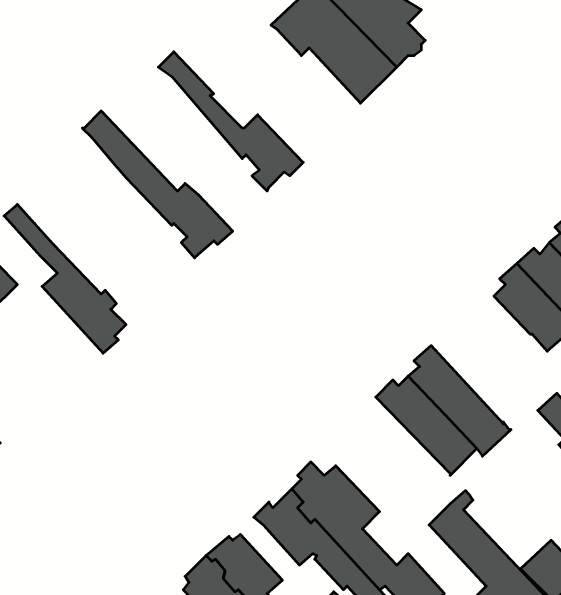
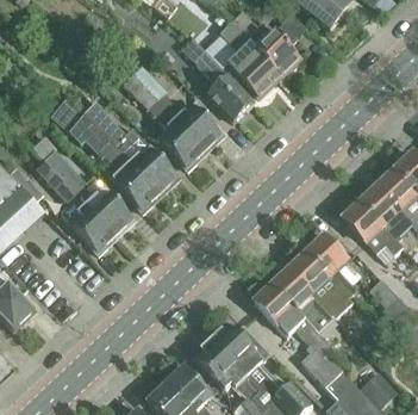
building: none -> [194,51,252,122]
building: none -> [124,75,200,169]
building: none -> [54,100,155,212]
building: none -> [44,150,133,236]
building: none -> [302,236,356,298]
building: none -> [254,281,324,348]

